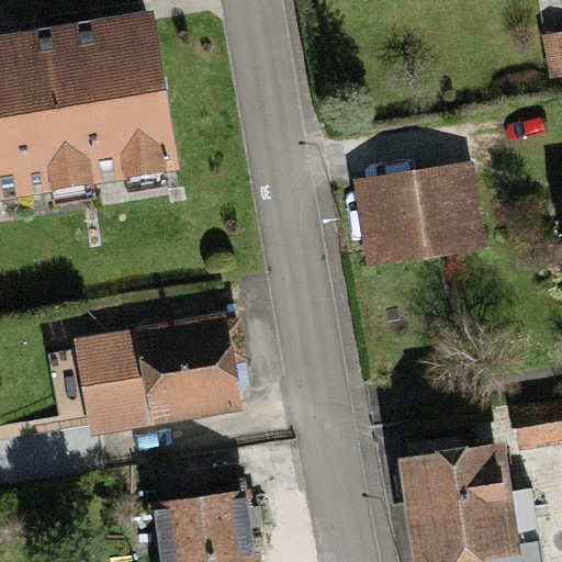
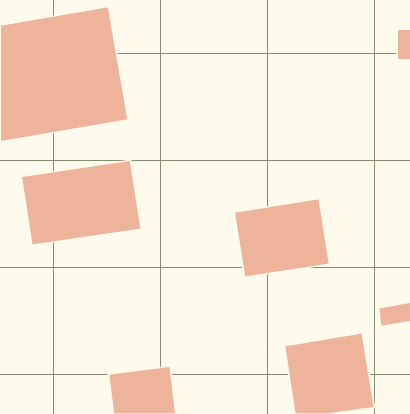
building: [352,165,482,271] -> [234,199,330,277]
building: [80,317,243,432] -> [21,160,141,245]

